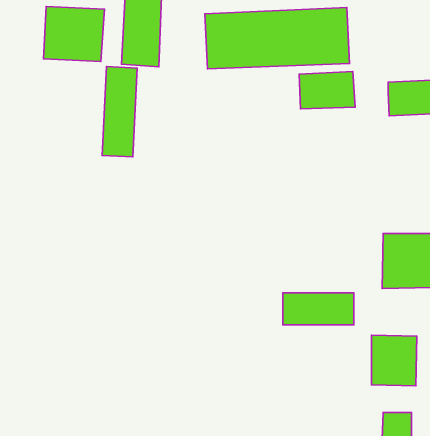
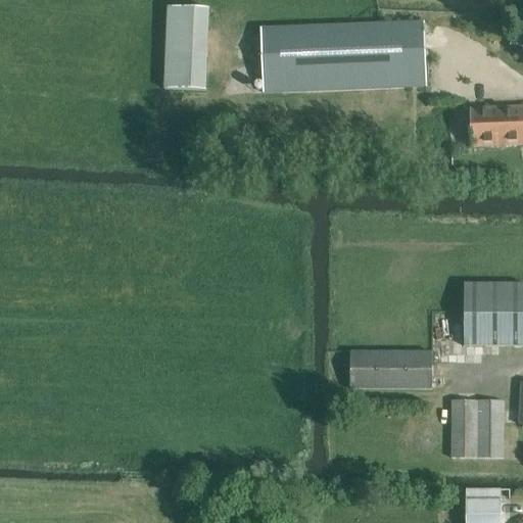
building: [44,6,105,62] -> none
building: [102,67,137,157] -> none
building: [299,72,355,109] -> none

